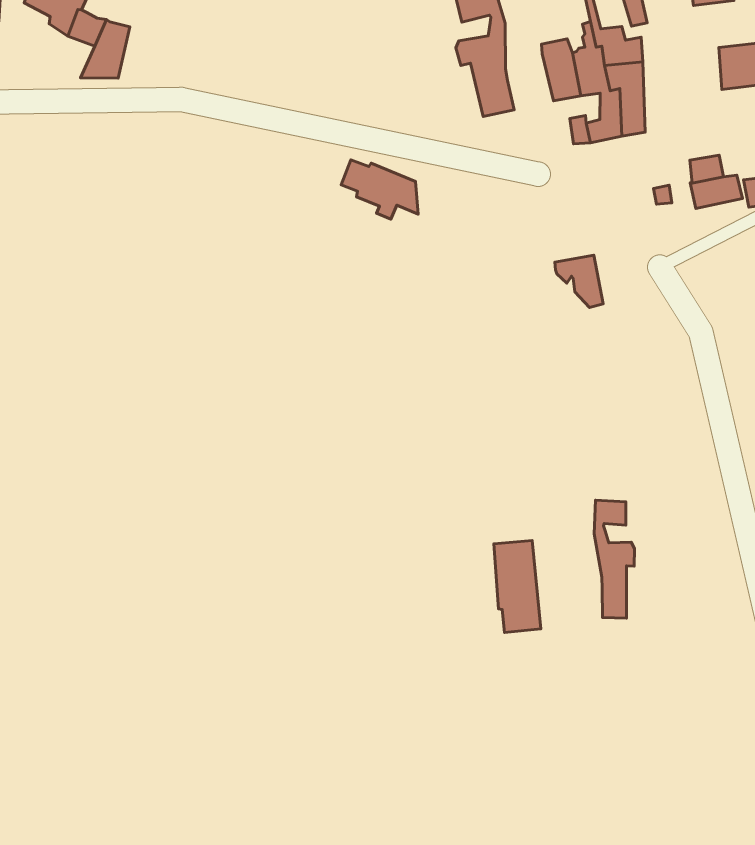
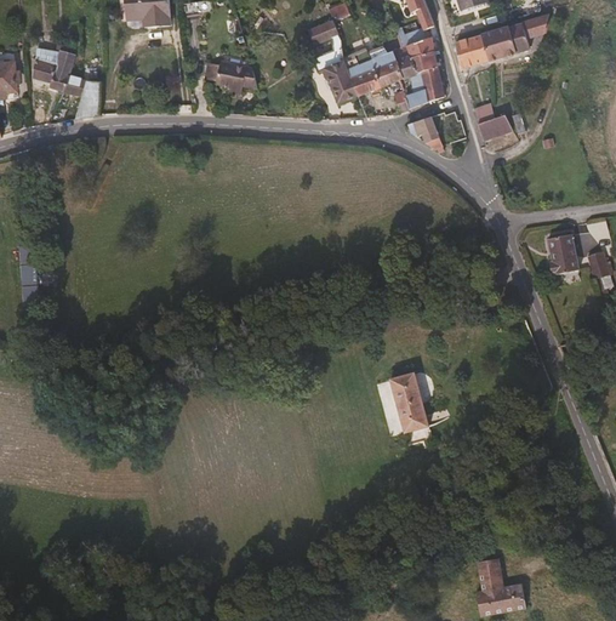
building: none -> [455,34,487,68]
building: none -> [349,56,381,95]
building: [341,160,418,219] -> [206,59,258,93]
building: [555,255,603,307] -> [407,115,443,149]
building: [594,500,634,618] -> none

